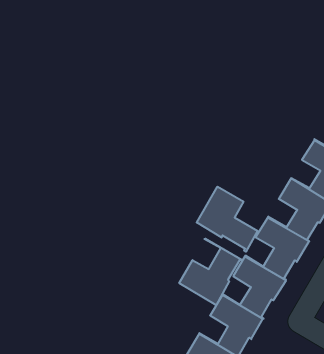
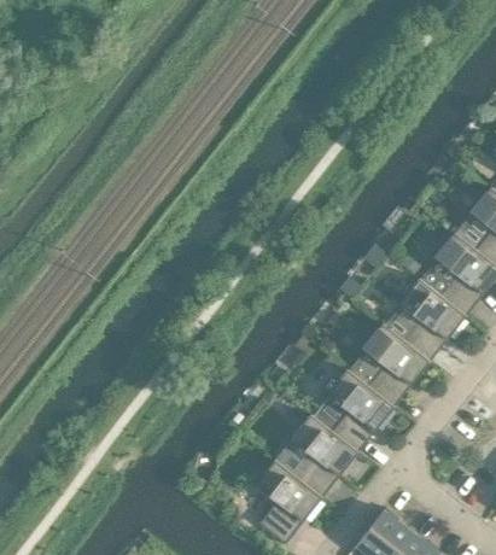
building: [197,187,257,252] -> none
building: [179,239,242,305] -> none

